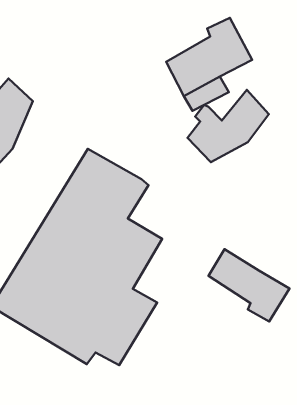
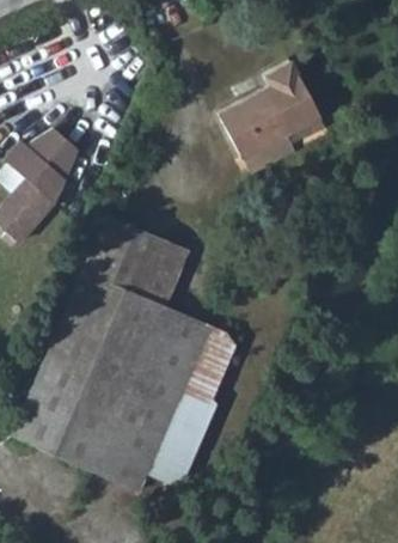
building: [187,90,269,162] -> none
building: [209,249,289,322] -> none

